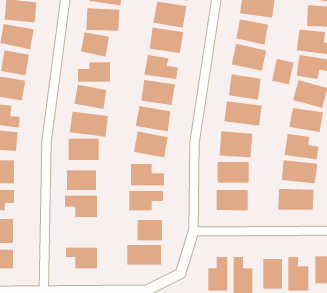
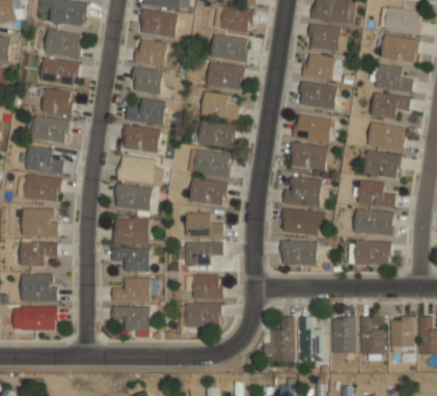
building: [271,58,294,85] -> none
building: none -> [113,279,153,301]

